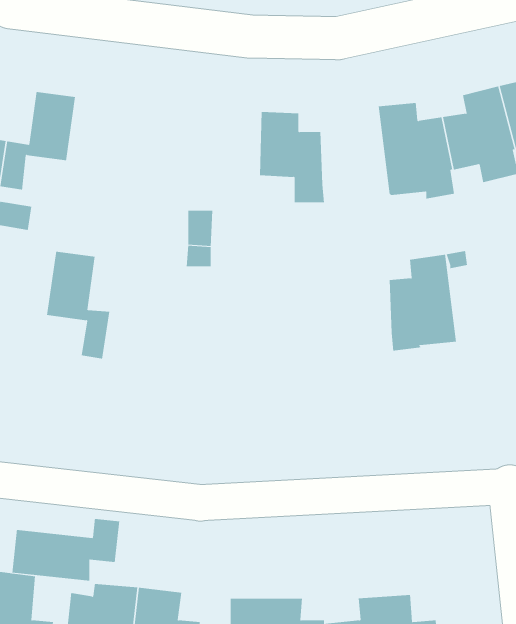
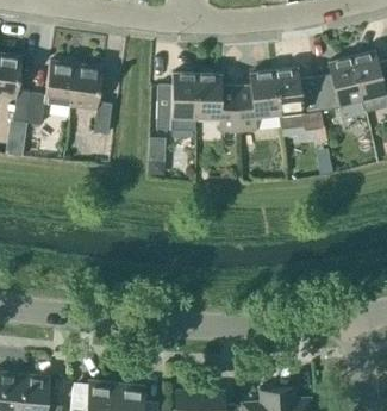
building: none -> [156,73,196,130]
building: [46,251,110,359] -> [70,64,112,135]
building: [389,254,457,351] -> [236,70,280,133]
building: [12,518,120,581] -> none

